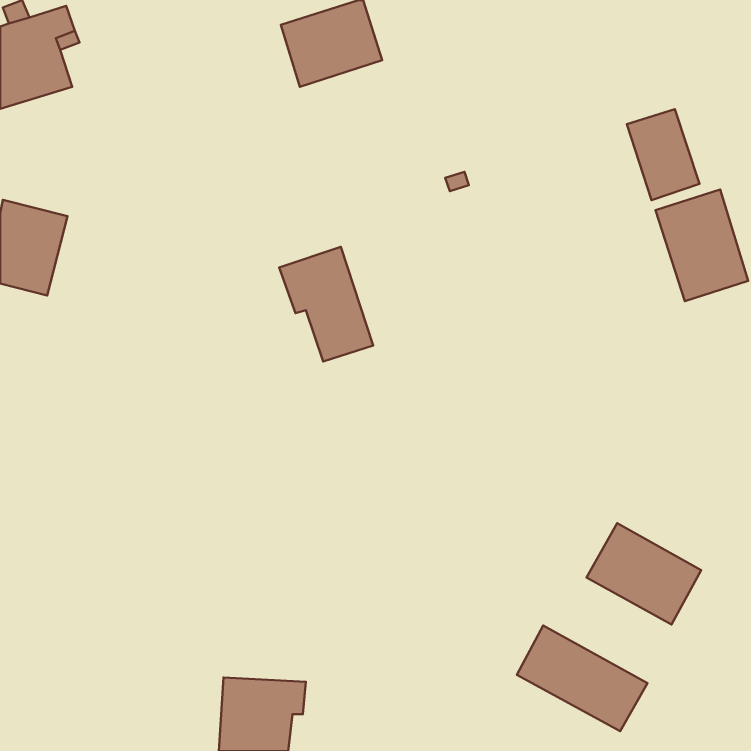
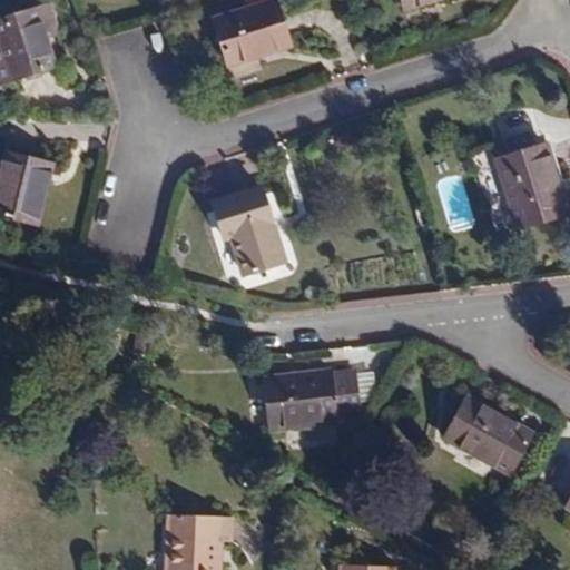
building: [627,109,700,200] -> none
building: none -> [263,370,358,429]
building: [517,626,647,731] -> none

